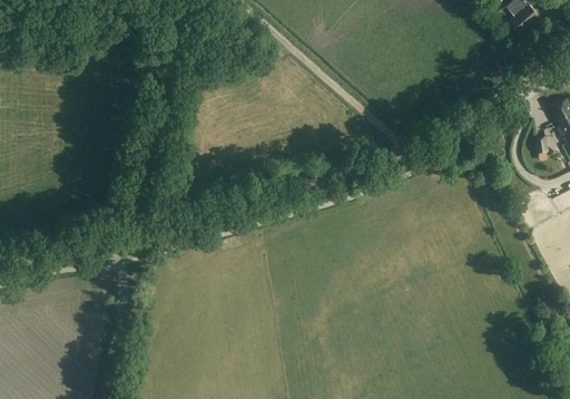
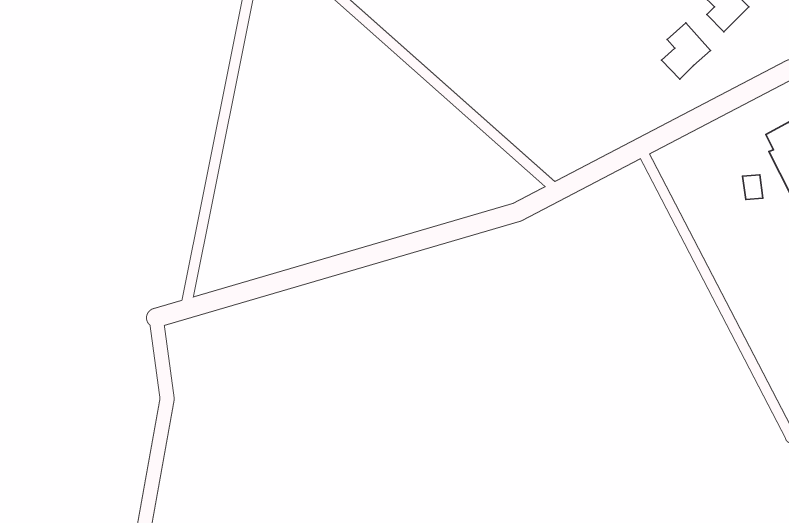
building: none -> [661,23,710,79]

